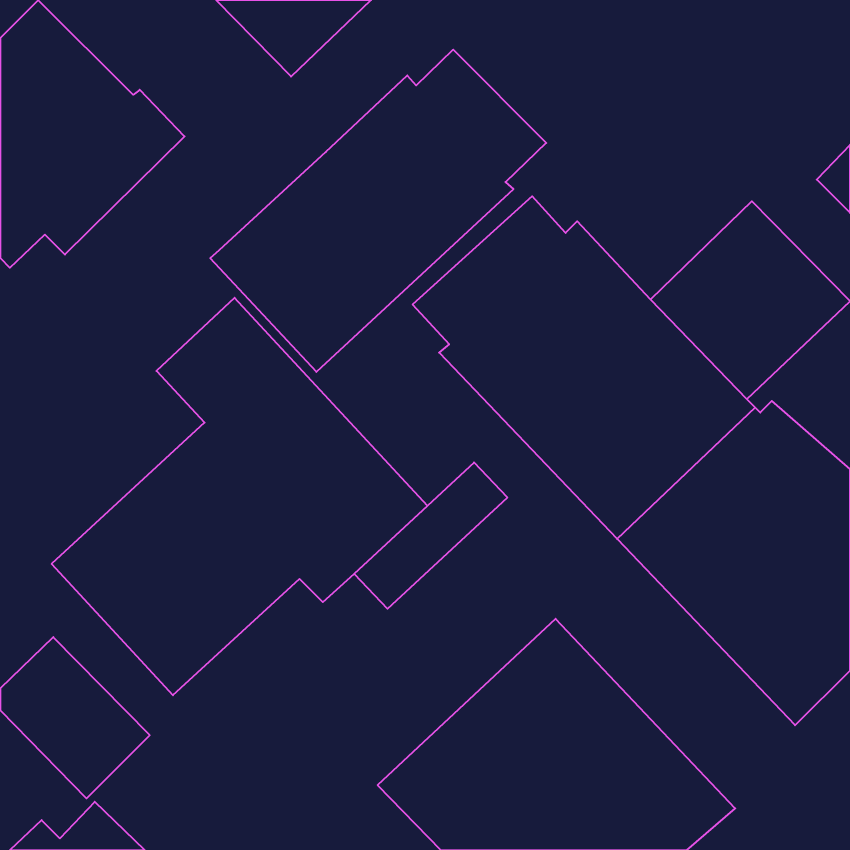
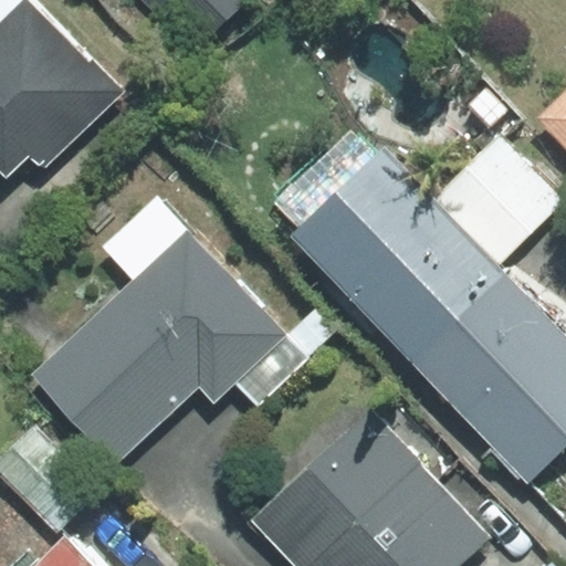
building: [210,50,546,372] -> none

